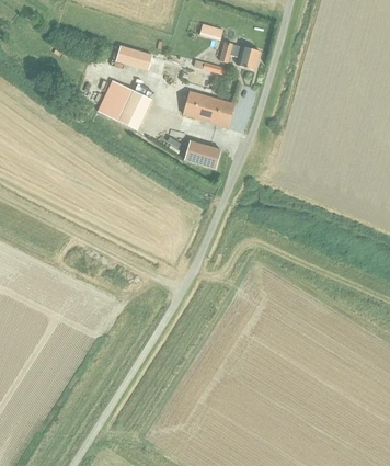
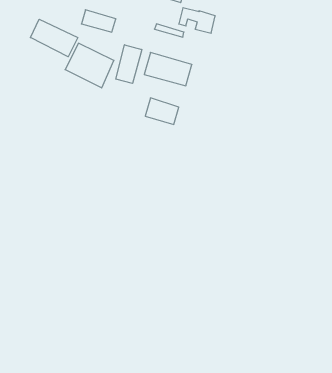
building: none -> [30,19,78,57]
building: none -> [116,45,142,83]

